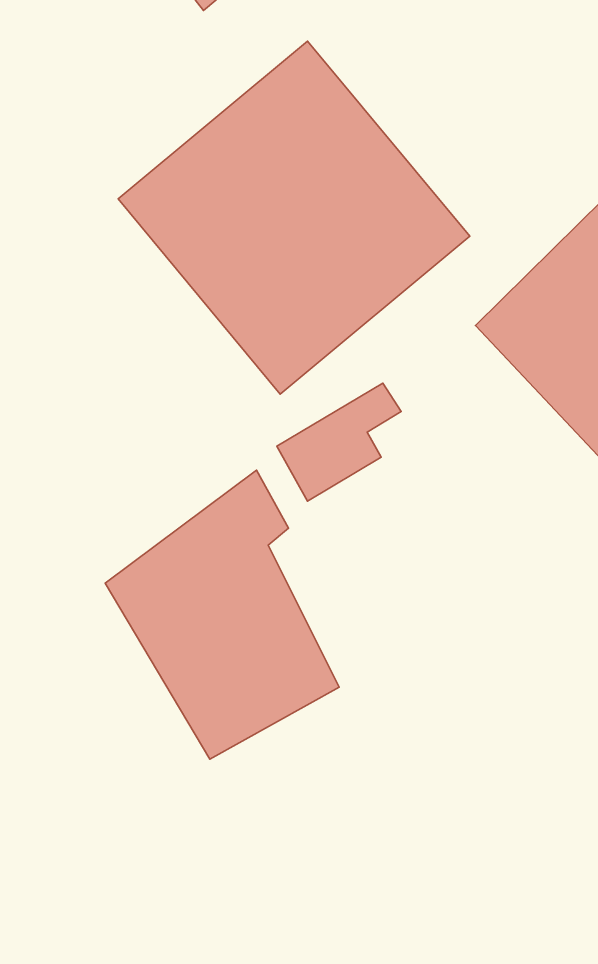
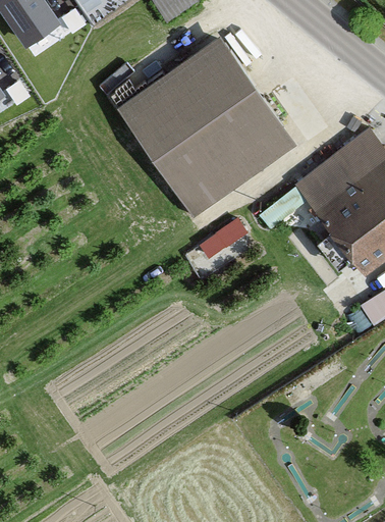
building: [105,470,339,759] -> none

